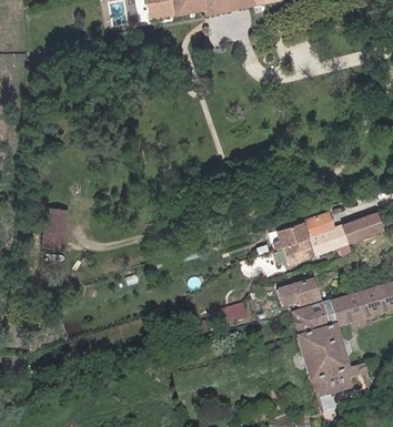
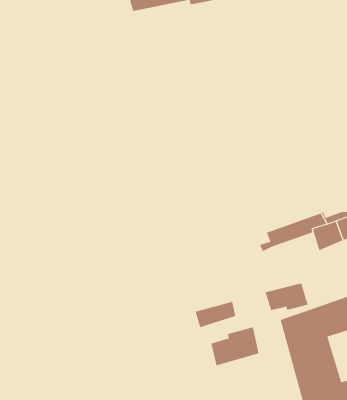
building: [46,218,70,245] -> none
building: [274,231,329,263] -> none
building: none -> [211,327,259,366]

